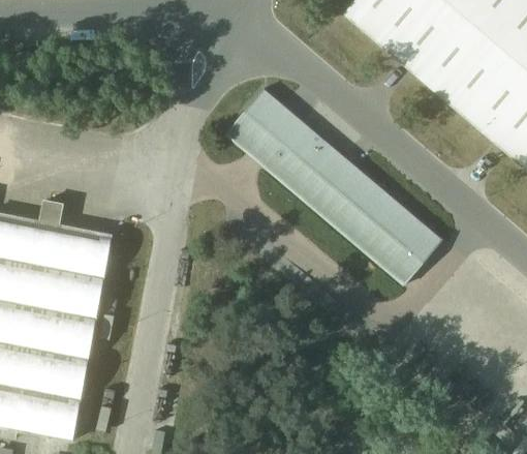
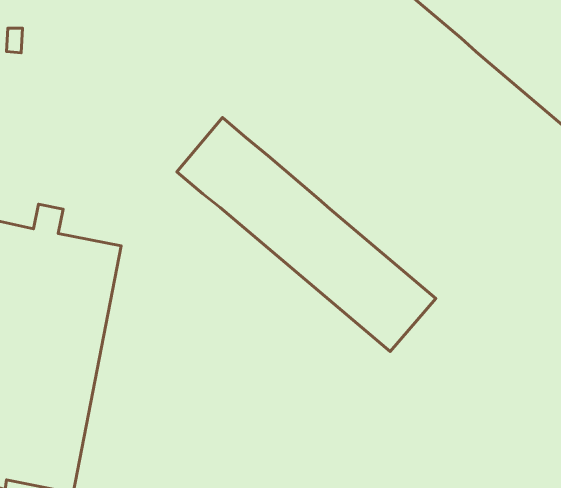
building: [224,88,441,284] -> [177,118,436,351]

